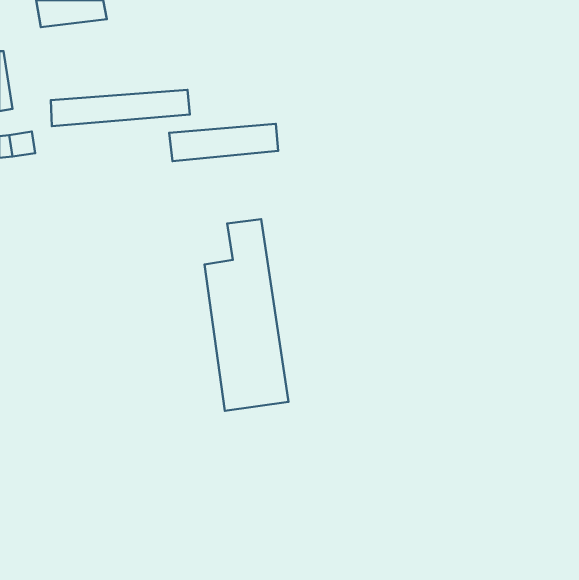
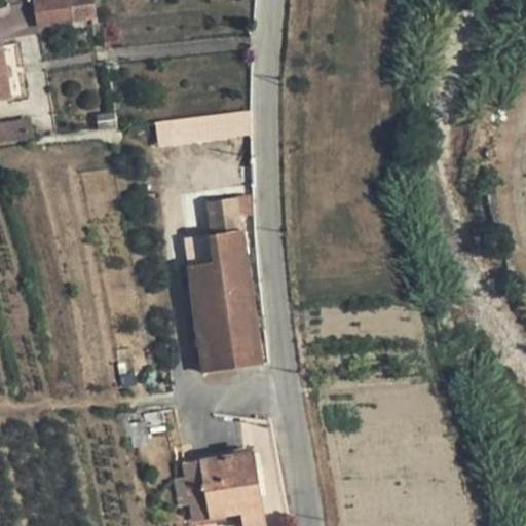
building: [51,90,190,126] -> none
building: none -> [176,452,263,521]

